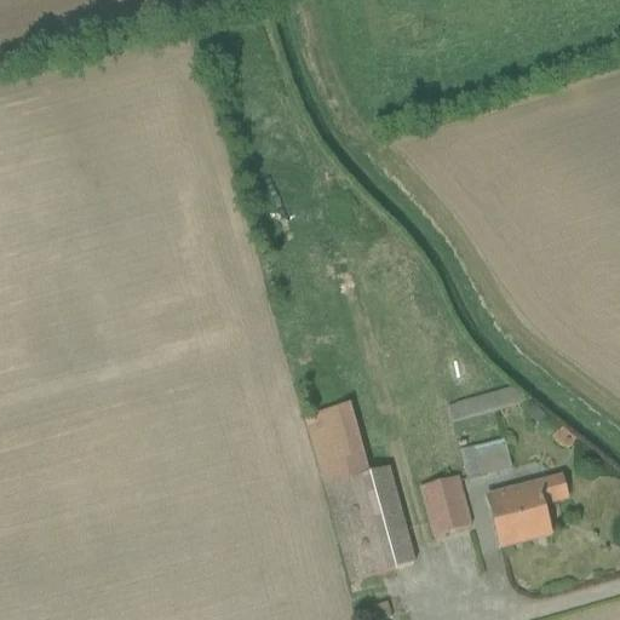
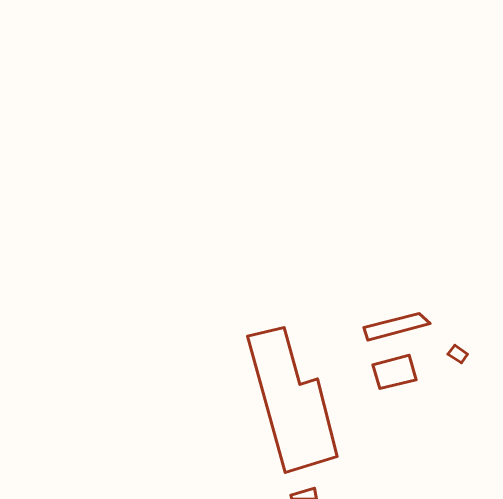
building: [488,472,569,545] -> none
building: [420,475,472,534] -> none

